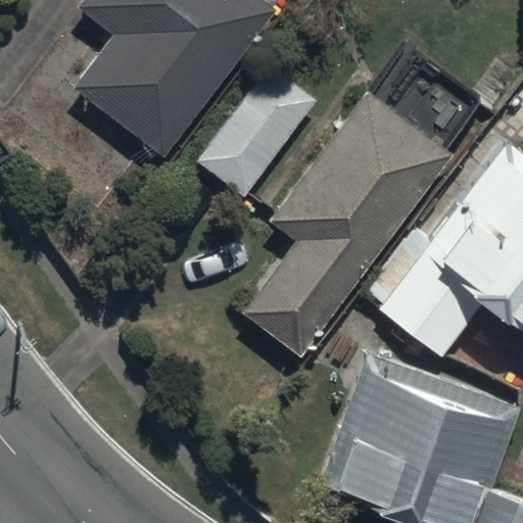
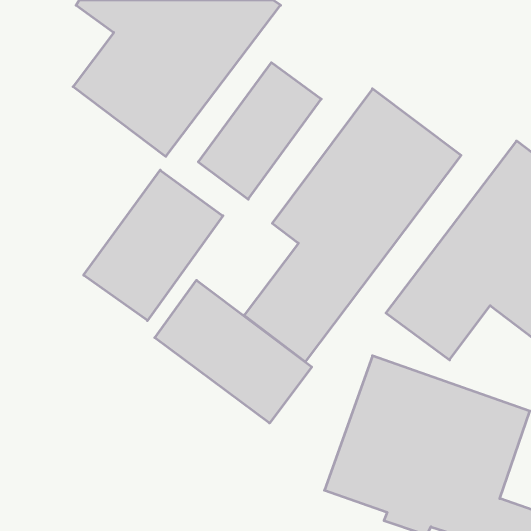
building: none -> [84,170,223,321]
building: none -> [155,280,312,423]

